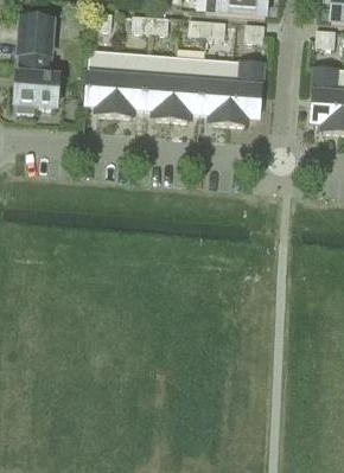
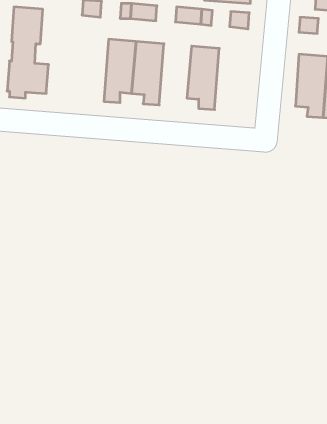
building: [85,49,119,115] -> none
building: [171,56,204,120] -> none
building: [228,60,261,124] -> none

